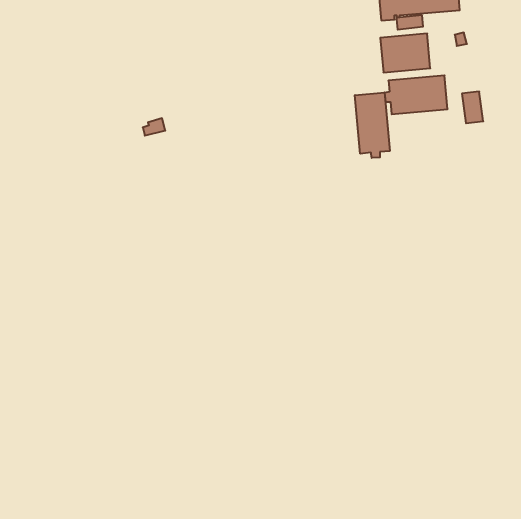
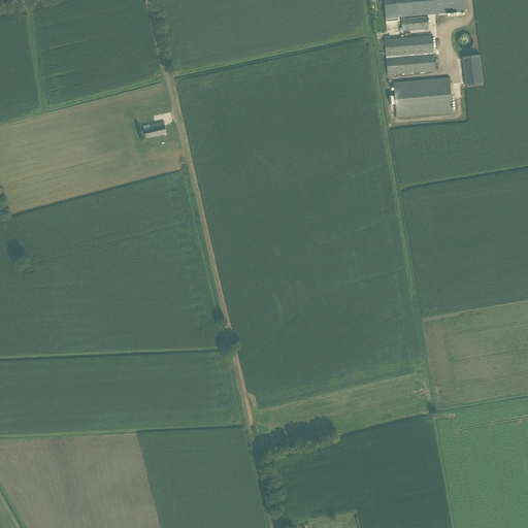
building: [462,92,483,123] -> [462,54,484,86]
building: [355,92,390,158] -> none

